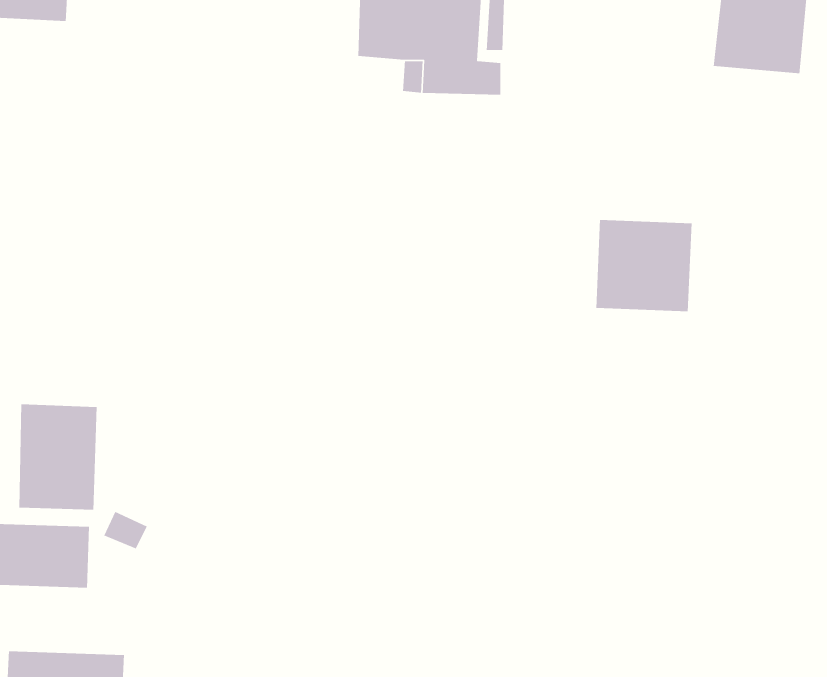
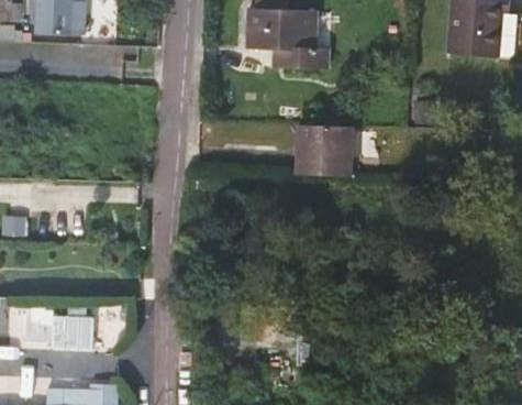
building: [595,219,692,312] -> [297,124,352,177]
building: [19,404,98,511] -> none

